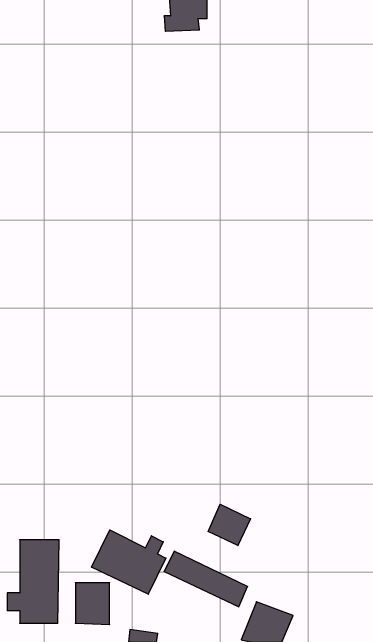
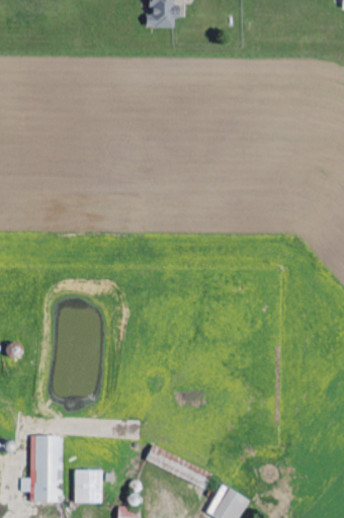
building: [208,504,251,546] -> none
building: [92,530,166,594] -> none

